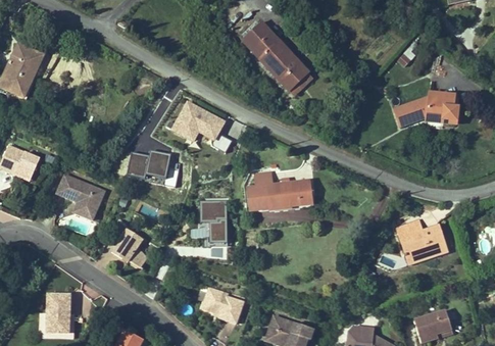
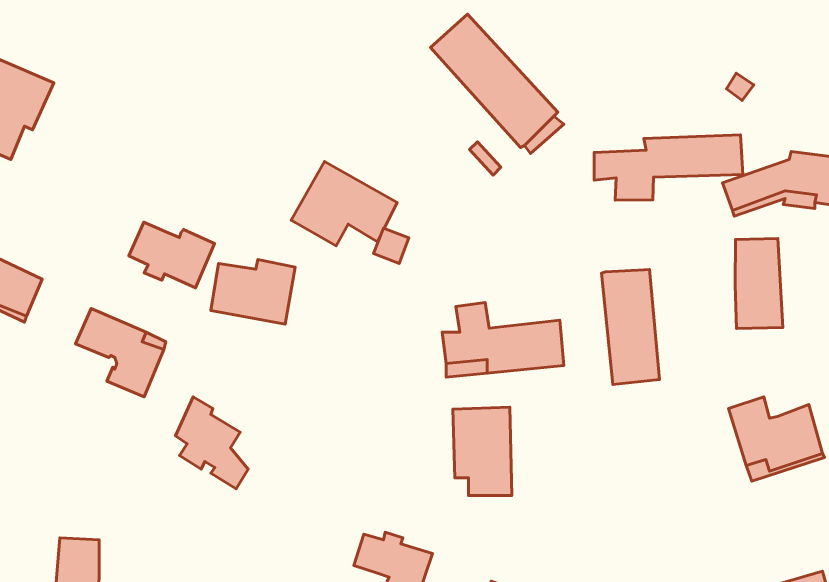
building: none -> [594,135,743,200]
building: none -> [129,222,215,288]
building: none -> [735,238,783,329]
building: none -> [602,269,660,385]
building: [196,198,227,244] -> [453,407,512,495]

